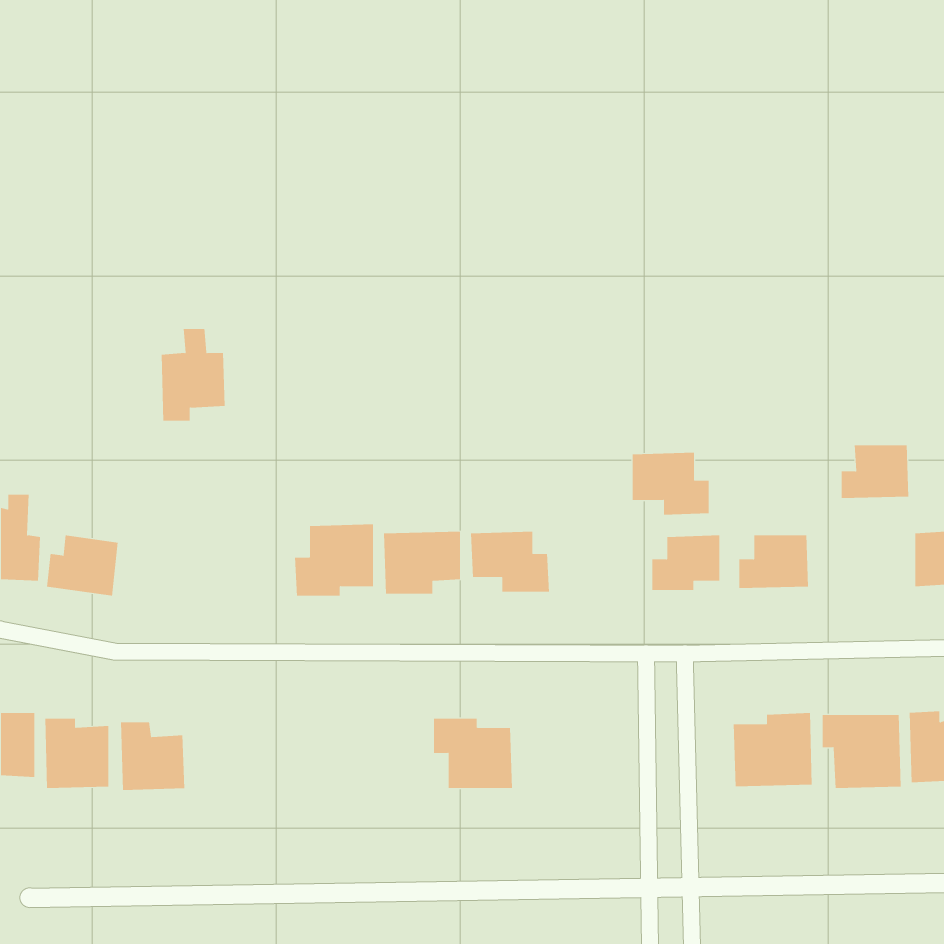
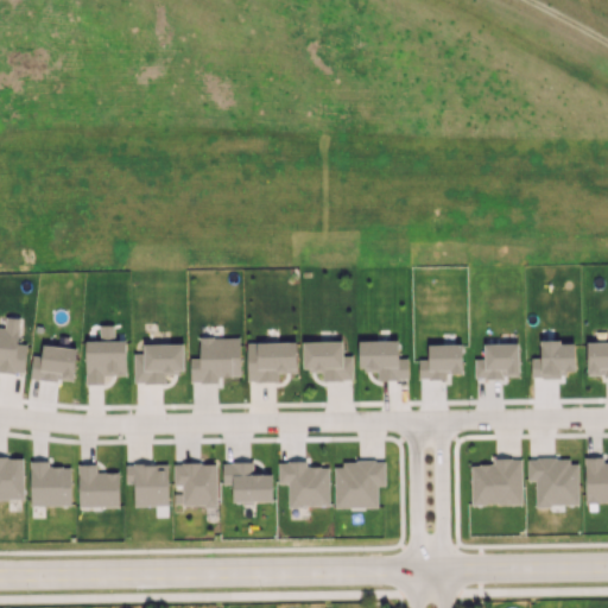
building: [161,329,226,421] -> [86,325,127,385]
building: [841,445,909,499] -> [532,342,576,376]
building: [632,452,710,515] -> [359,341,408,381]
building: none -> [134,344,184,385]
building: none -> [335,462,385,508]
building: none -> [175,463,217,507]
building: none -> [222,463,273,504]
building: none -> [126,466,169,507]

